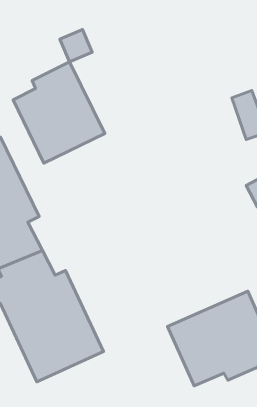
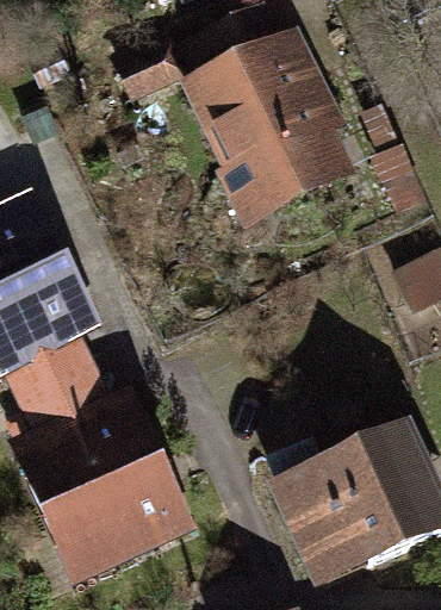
building: none -> [195,13,342,207]
building: [13,62,105,163] -> none

